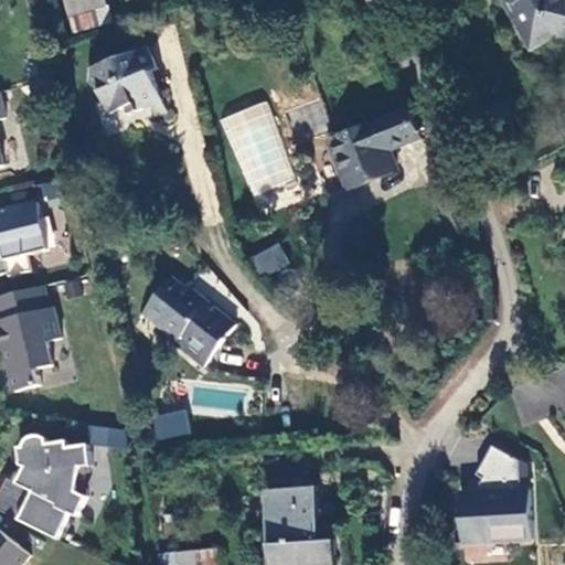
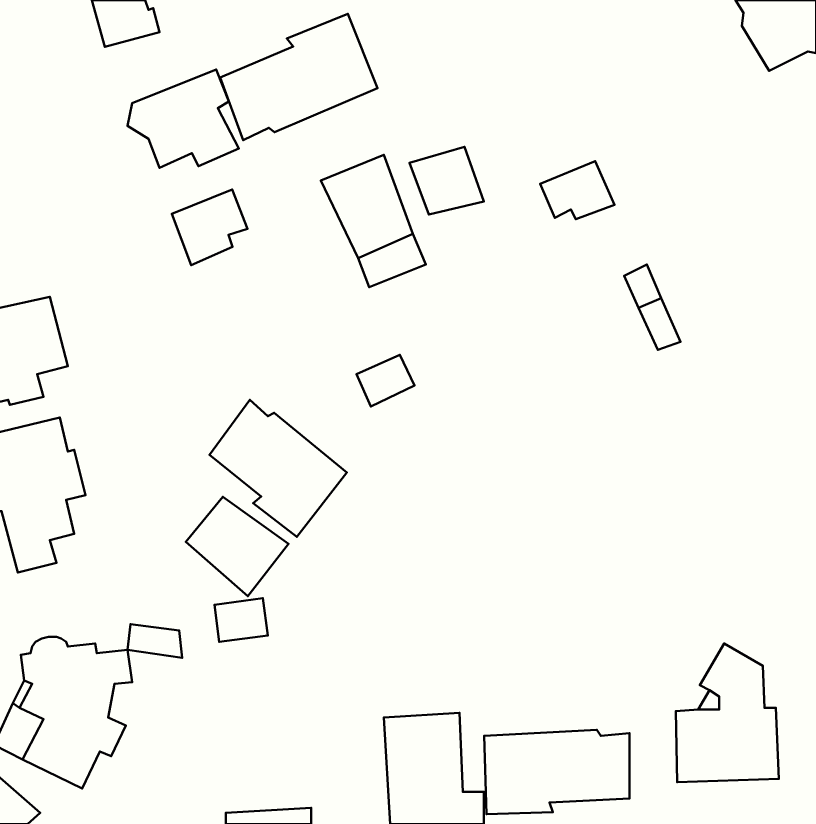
building: none -> [220,14,377,140]
building: [324,126,395,186] -> none
building: none -> [172,189,247,265]
building: none -> [186,497,288,596]
building: none -> [484,730,630,814]

